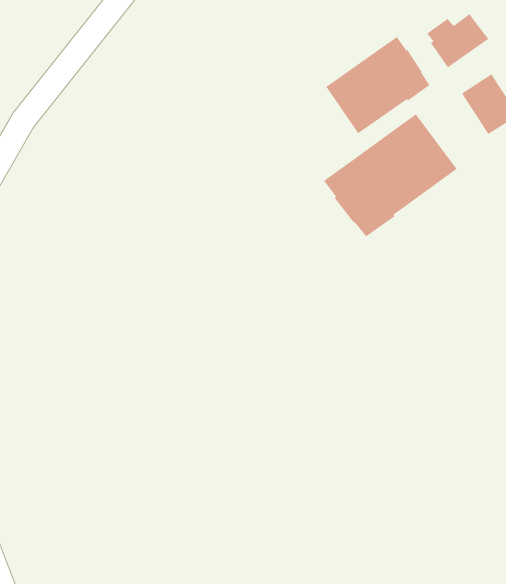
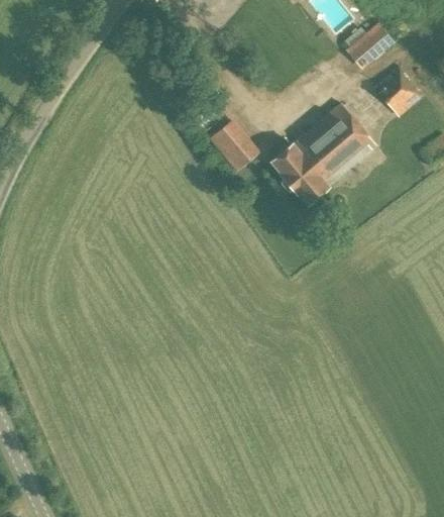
building: [325,36,430,134] -> none
building: none -> [210,119,261,172]

